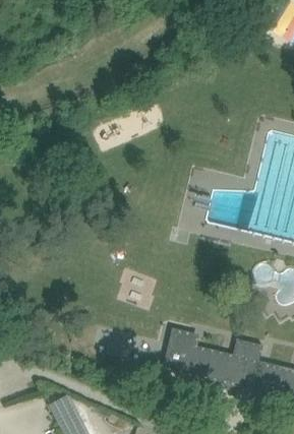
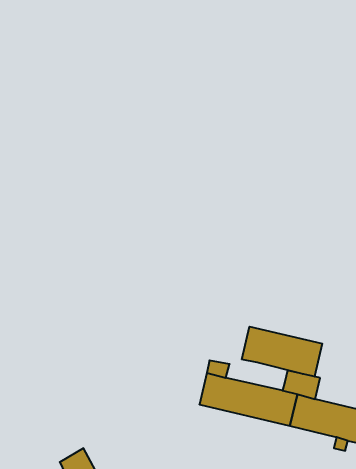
building: none -> [242,327,322,377]

